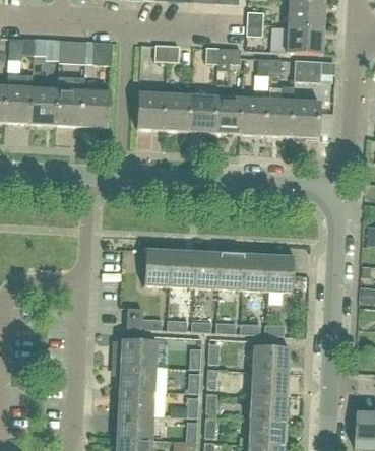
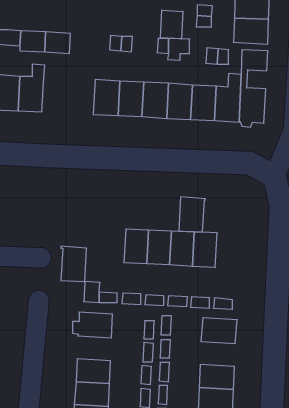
building: none -> [161,10,183,39]
building: [81,89,110,128] -> none
building: [143,249,171,286] -> [61,246,87,282]
building: [266,255,295,293] -> [179,197,205,232]
building: [119,365,155,391] -> none
building: [250,371,288,397] -> none

